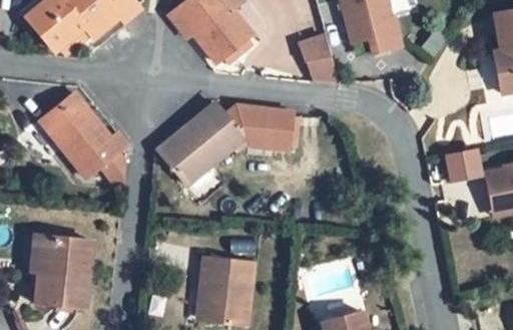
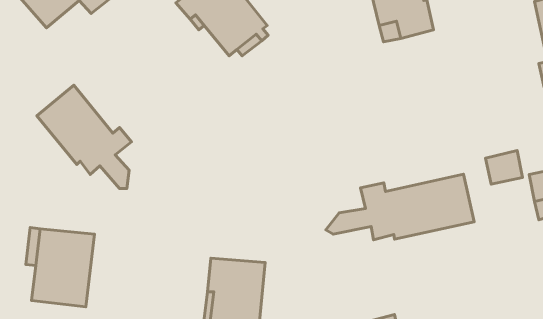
building: [298,27,338,76] -> none
building: [157,109,293,191] -> none
building: none -> [326,174,474,240]

